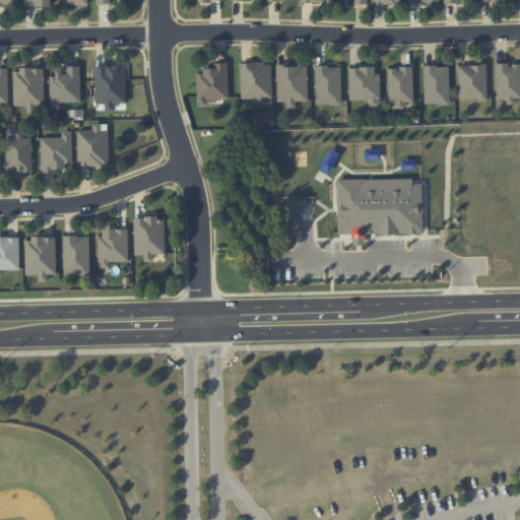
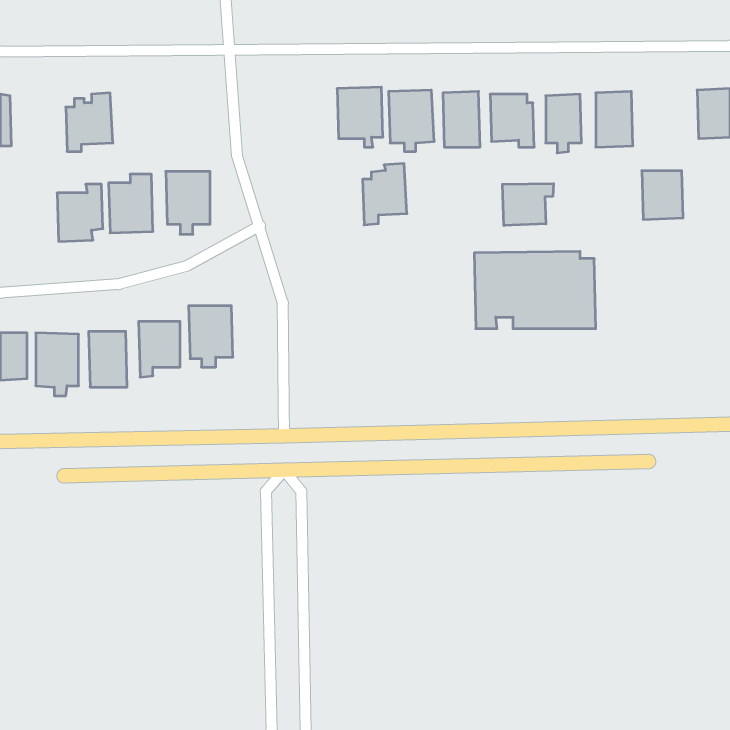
building: [197,62,229,106] -> [363,164,407,225]
building: [458,65,488,100] -> [642,171,683,219]
building: [94,66,126,111] -> [166,171,210,234]
building: [13,68,45,107] -> none
building: none -> [502,184,554,226]
building: [6,136,31,175] -> none

